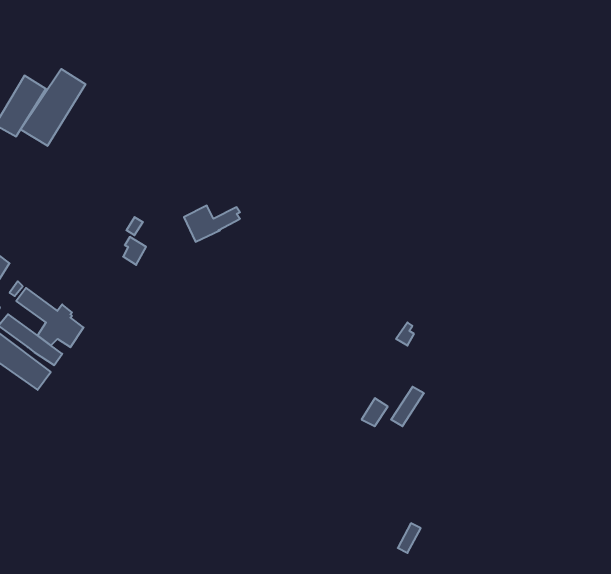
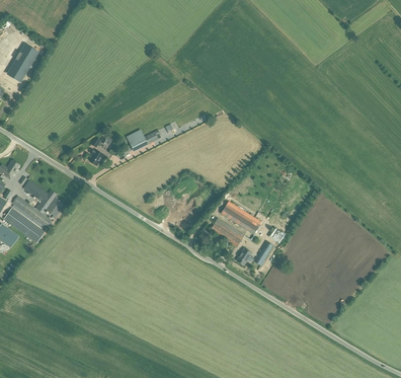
building: [21,69,85,146] -> none
building: none -> [221,201,261,233]
building: none -> [210,217,244,246]

